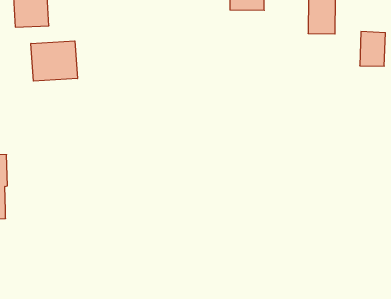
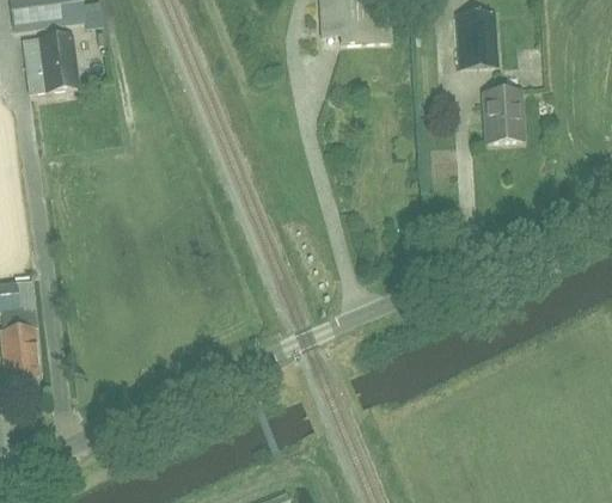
building: [360,32,385,66] -> [483,86,521,137]
building: [31,41,77,81] -> none

